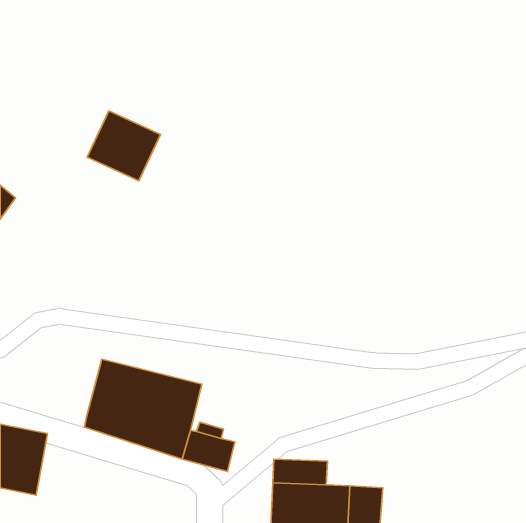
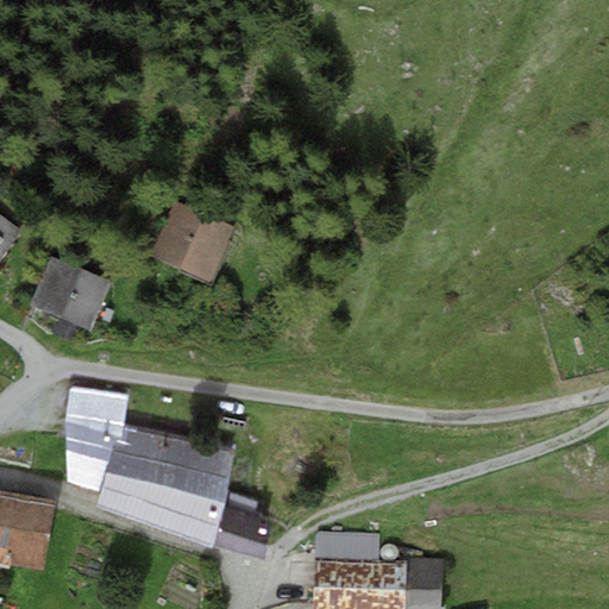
building: [87,111,160,181] -> [151,203,236,284]
building: none -> [34,262,112,344]
building: none -> [64,384,123,485]

